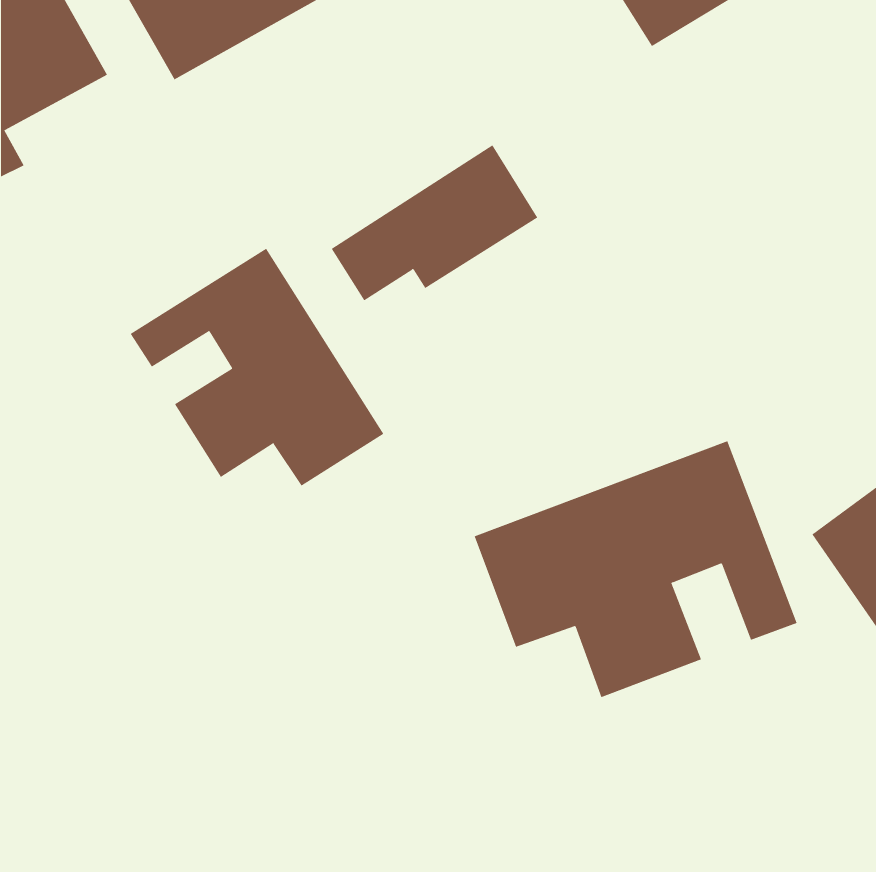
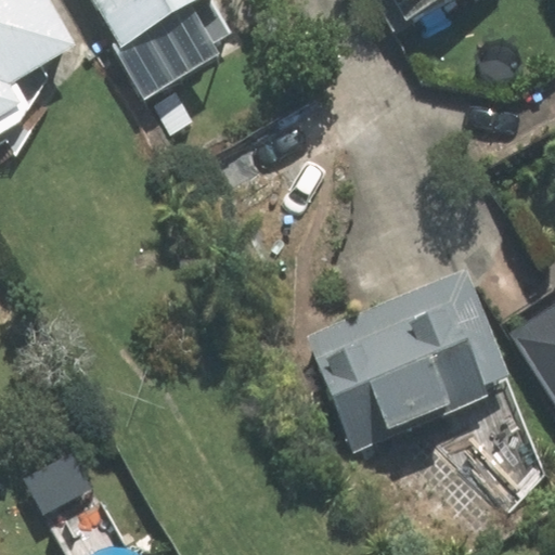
building: [130,248,384,487] -> none

